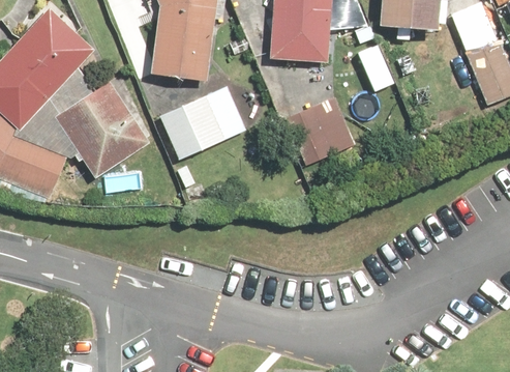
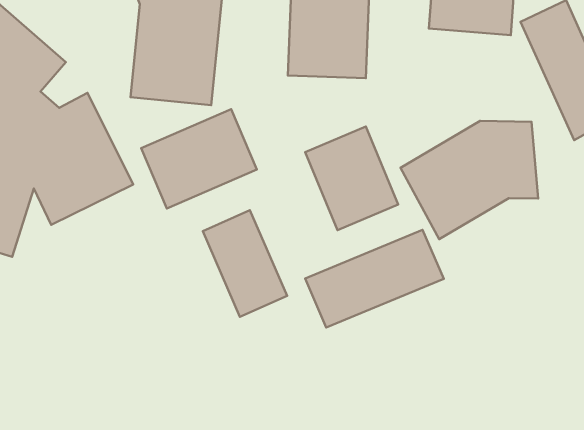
building: none -> [401,121,538,239]
building: none -> [203,210,287,317]
building: none -> [305,230,444,328]

